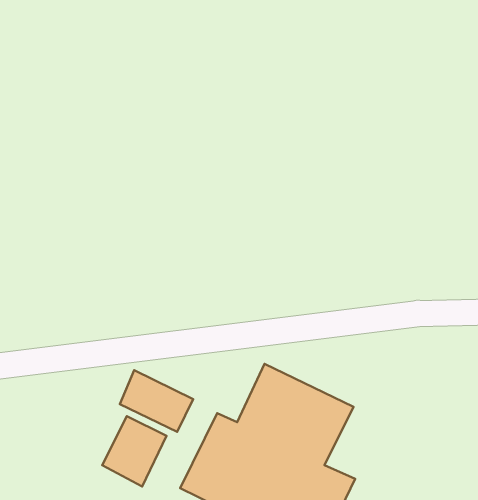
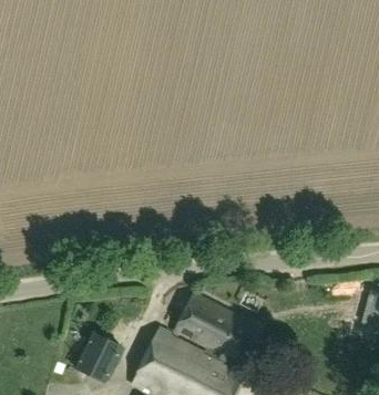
building: [120,370,193,432] -> none

